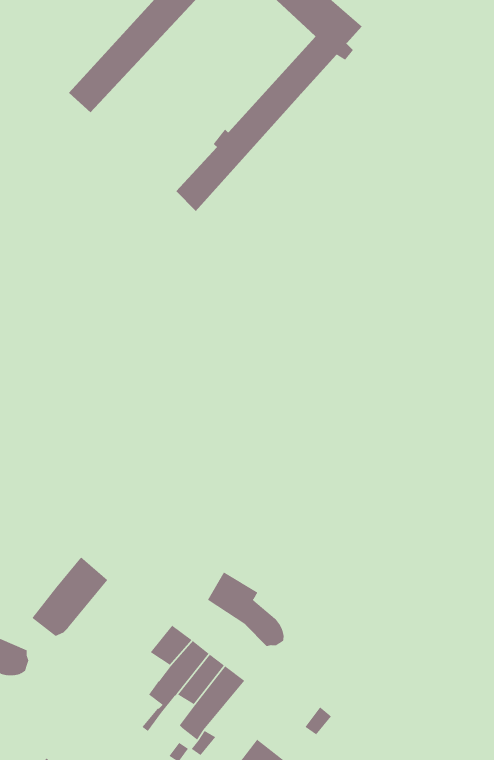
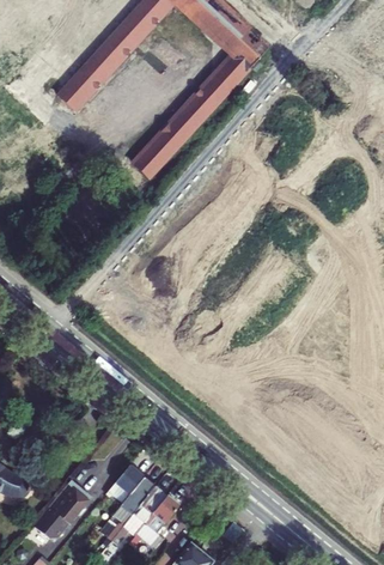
building: [32,556,108,636] -> [37,480,91,536]
building: [207,571,284,647] -> none

